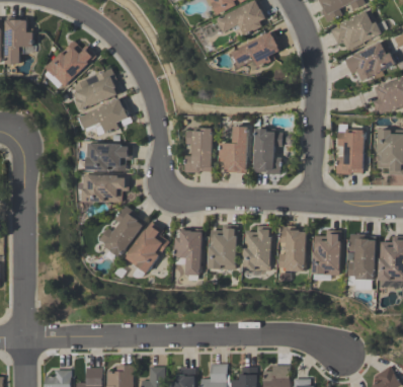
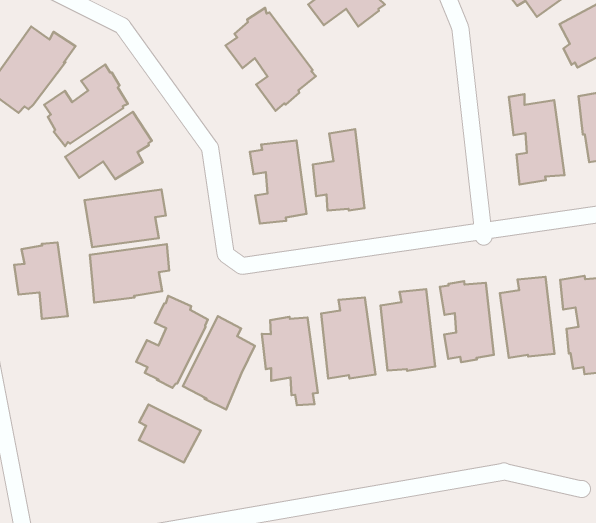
building: none -> [226,8,316,111]
building: [253,129,281,174] -> none
building: none -> [14,242,68,319]
building: none -> [139,405,201,462]

